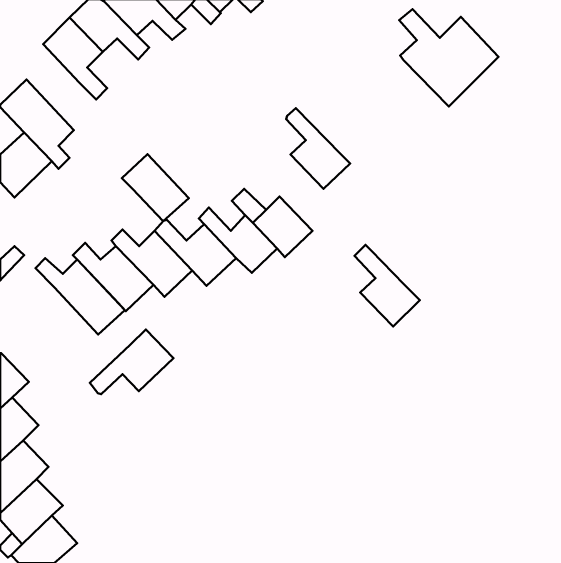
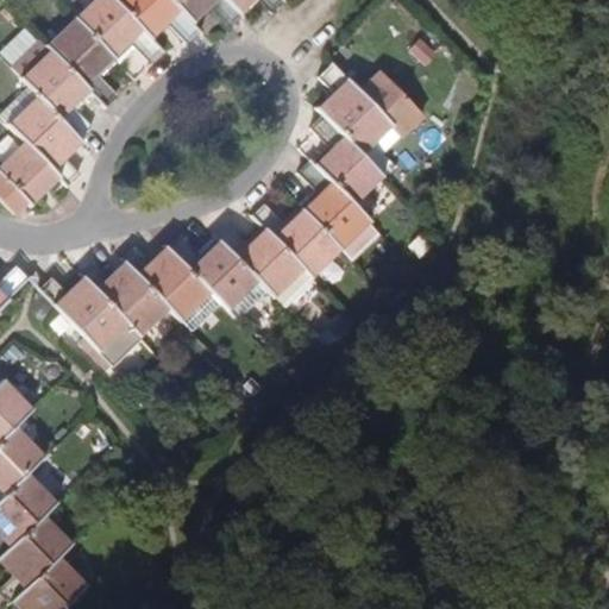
building: [399,9,499,106] -> [318,62,425,167]
building: none -> [13,39,96,142]
building: [122,154,189,221] -> none
building: [355,245,420,327] -> [299,161,369,249]
building: [90,330,174,394] -> none

